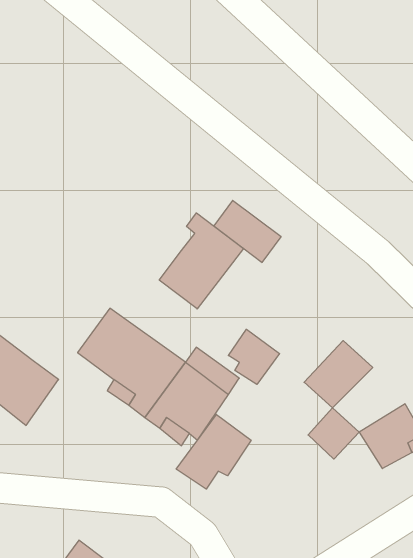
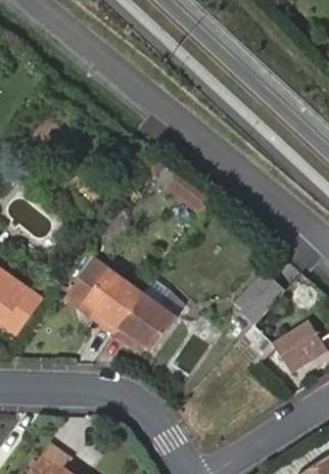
building: [159,213,244,309] -> none
building: [228,329,280,384] -> none
building: [176,414,251,489] -> none

